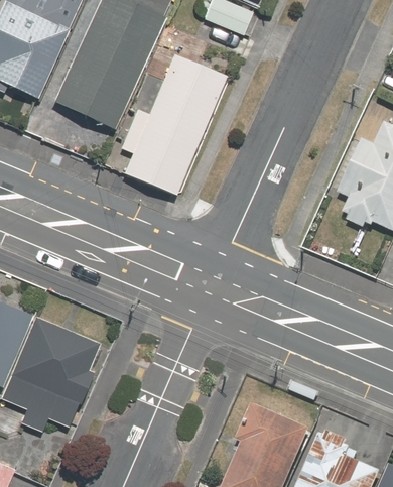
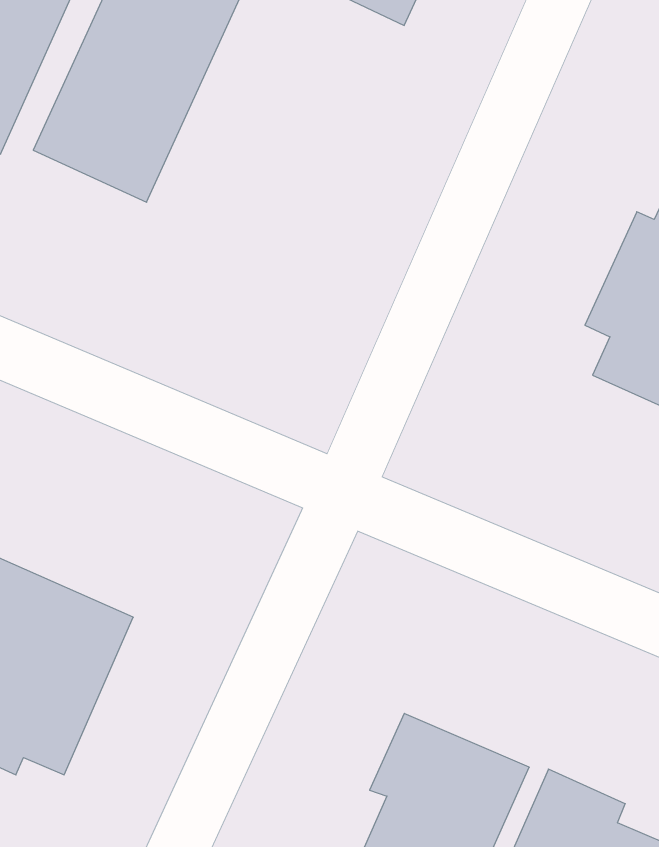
building: [118,49,230,197] -> none

